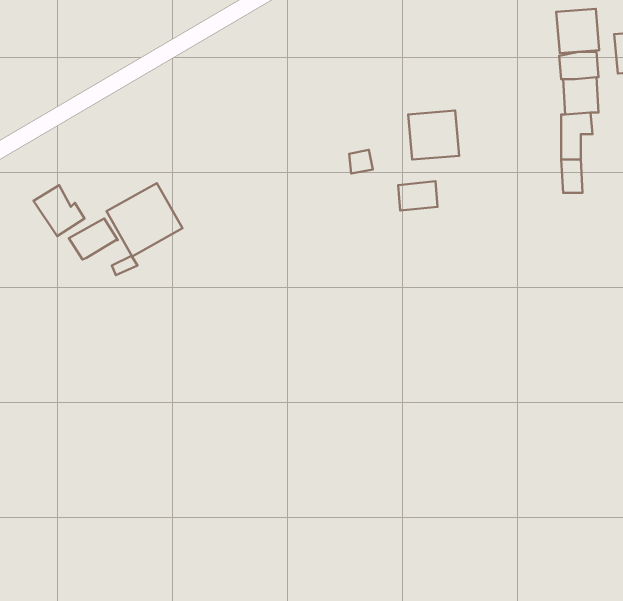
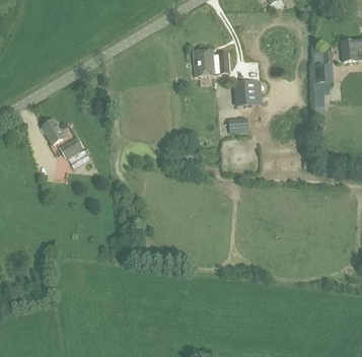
building: [556,9,599,53] -> none
building: none -> [192,49,228,76]
building: [107,183,182,256] -> none

